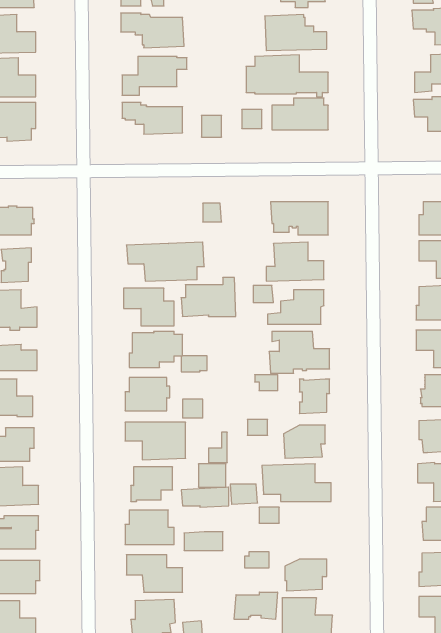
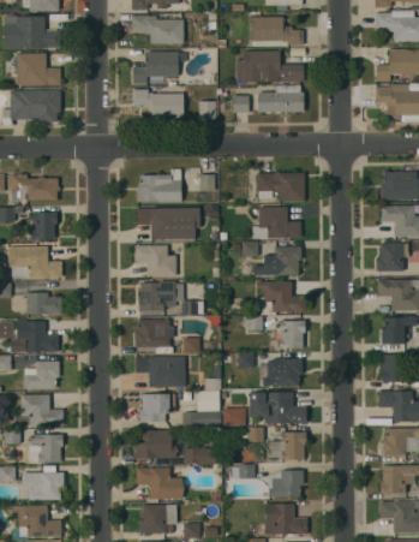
building: [181,278,236,316] -> [136,169,181,202]
building: none -> [269,431,306,460]
building: [234,592,277,619] -> none

